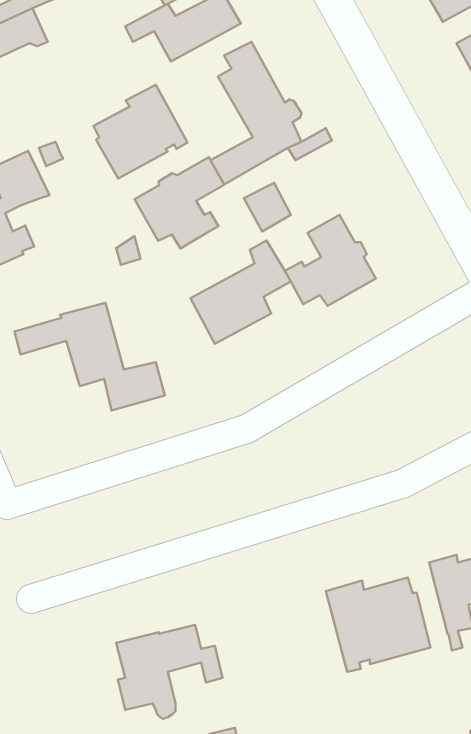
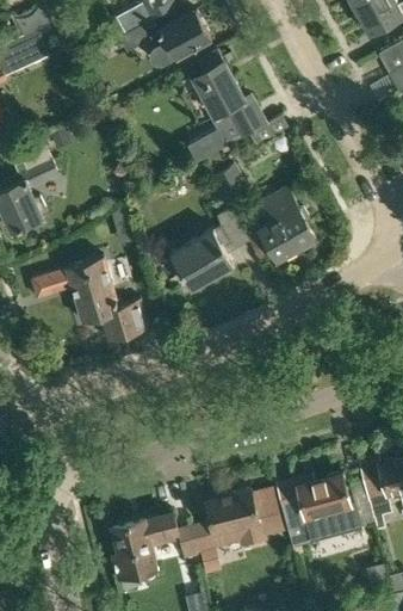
building: [94,85,187,178] -> none
building: [134,157,224,248] -> none
building: none -> [190,489,281,554]

